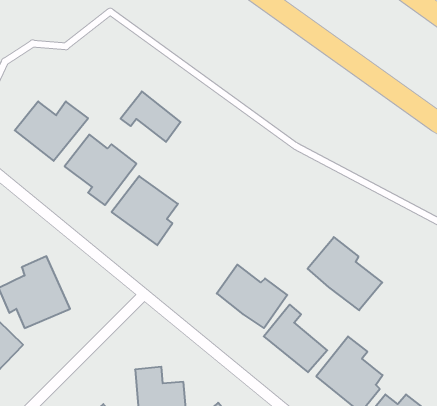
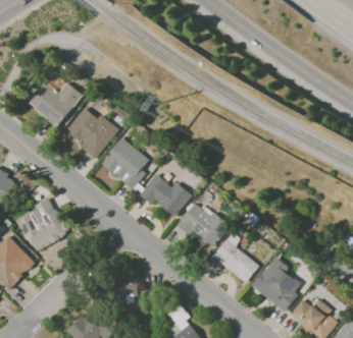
building: [121,91,181,142] -> none
building: none -> [139,173,192,217]
building: [308,237,382,310] -> none

